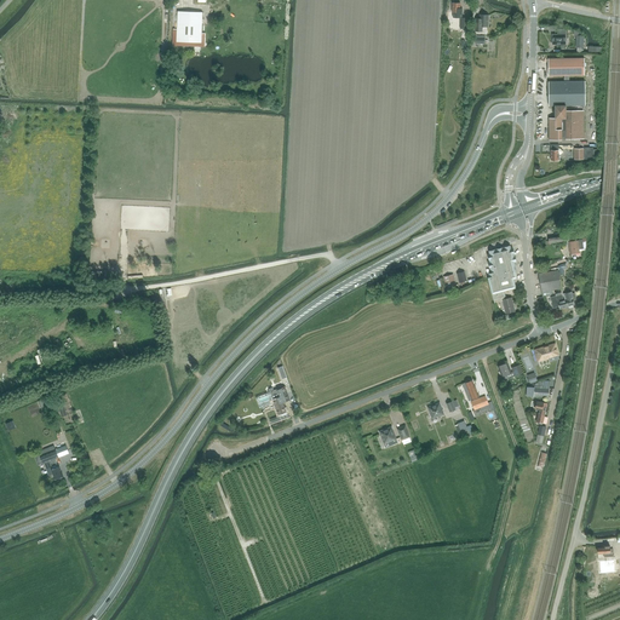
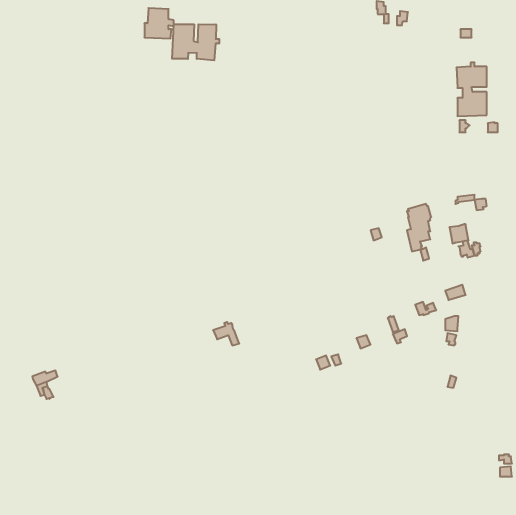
building: none -> [172,24,219,60]
building: [549,57,585,76] -> none

